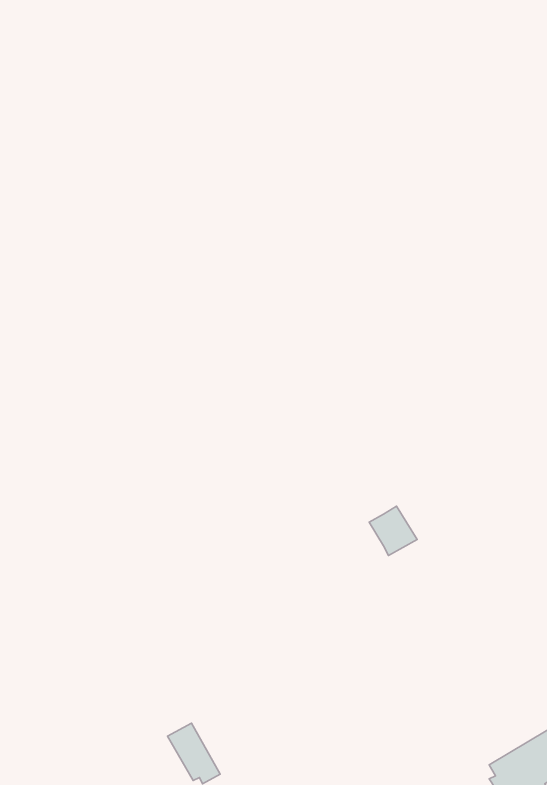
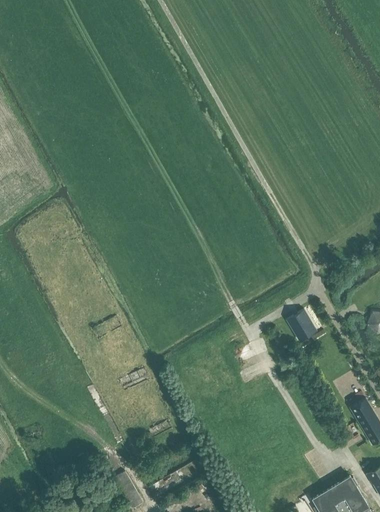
building: [369,506,417,555] -> [287,310,317,341]

